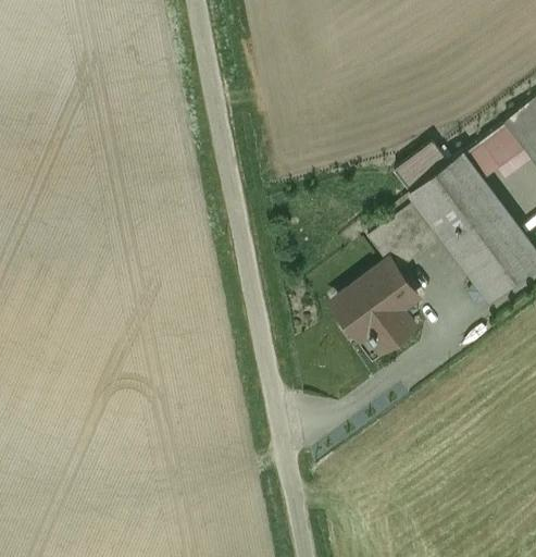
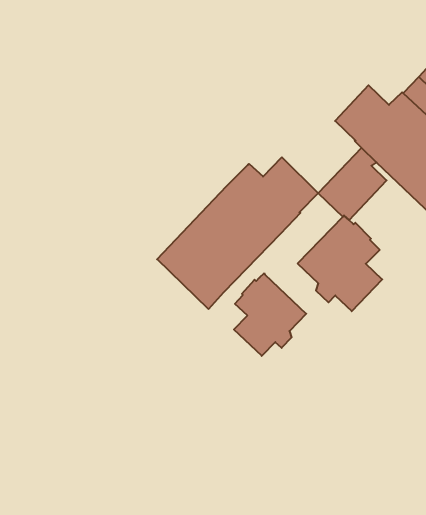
building: none -> [157,157,318,309]
building: none -> [234,273,306,356]

